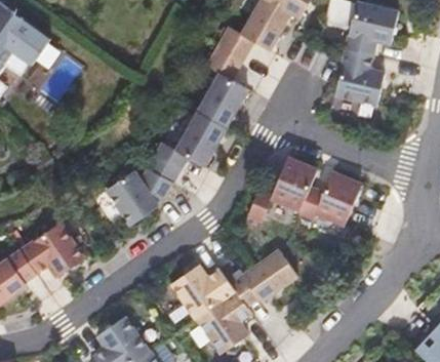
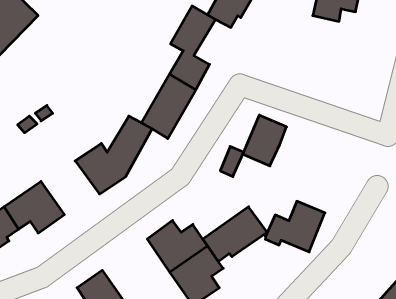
building: [335,48,385,105] -> none
building: [302,169,364,223] -> [265,201,325,252]

